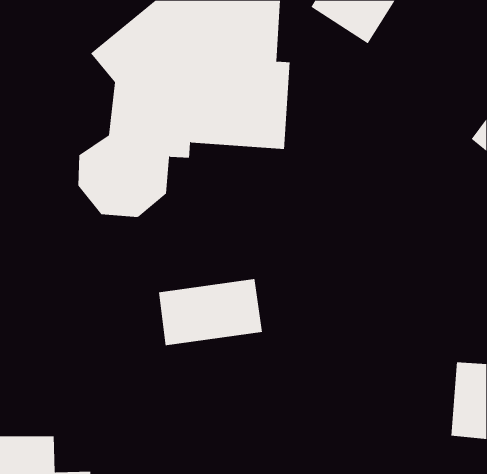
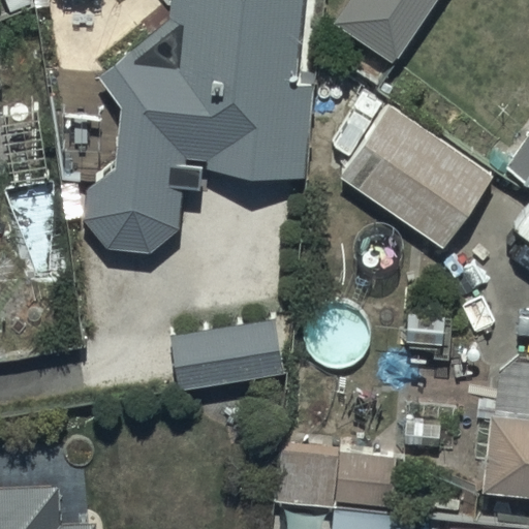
building: none -> [342,105,495,248]
building: none -> [274,442,397,510]

